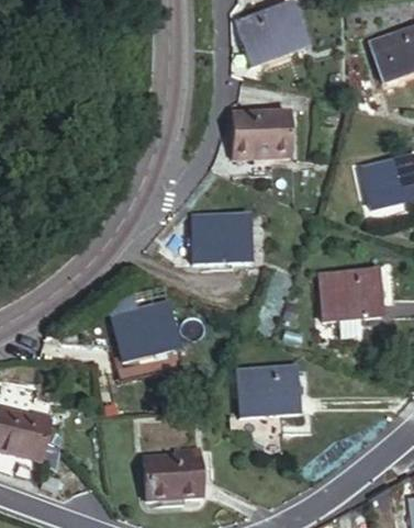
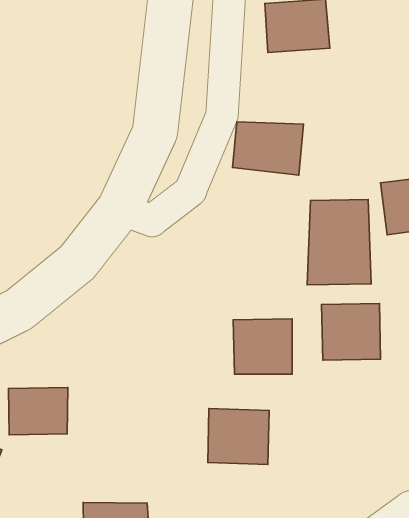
building: none -> [307,199,371,285]
building: [192,217,247,269] -> [233,319,292,374]
building: [120,317,174,362] -> [8,387,68,435]

